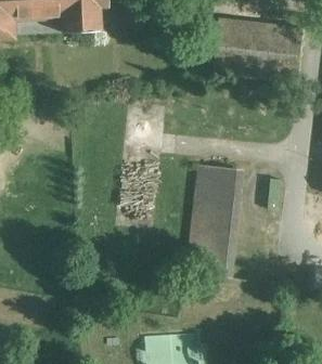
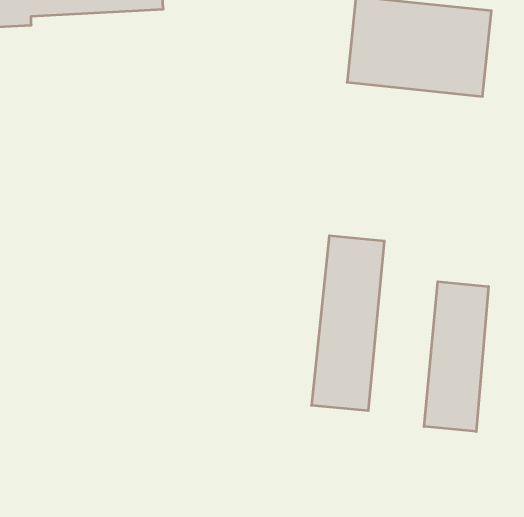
building: none -> [424,282,488,432]

